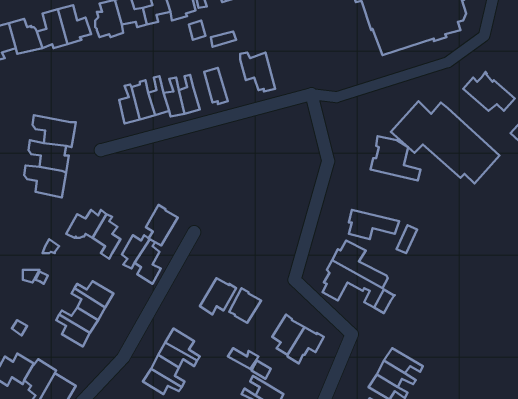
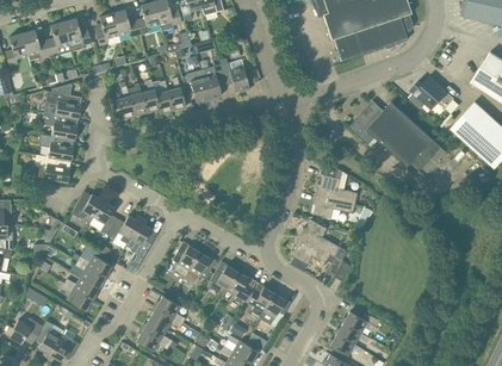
building: none -> [200,64,224,100]
building: none -> [45,82,82,118]
building: [370,136,421,181] -> [315,165,358,203]
building: [146,205,178,245] -> [172,241,199,275]
building: none -> [225,271,256,304]

